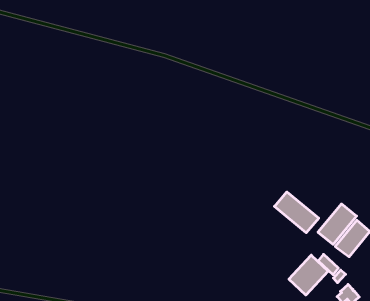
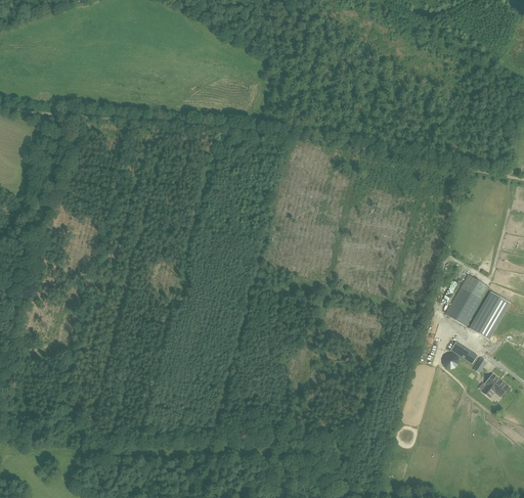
building: [274,192,319,233] -> none
building: [289,255,328,295] -> none

